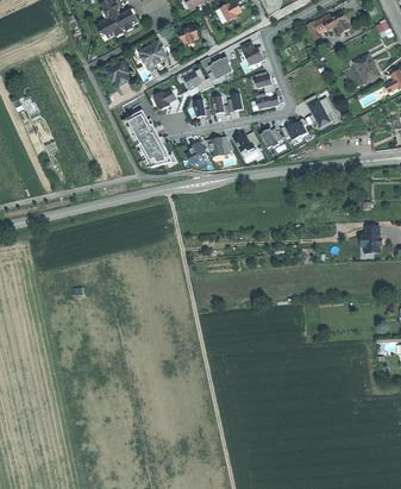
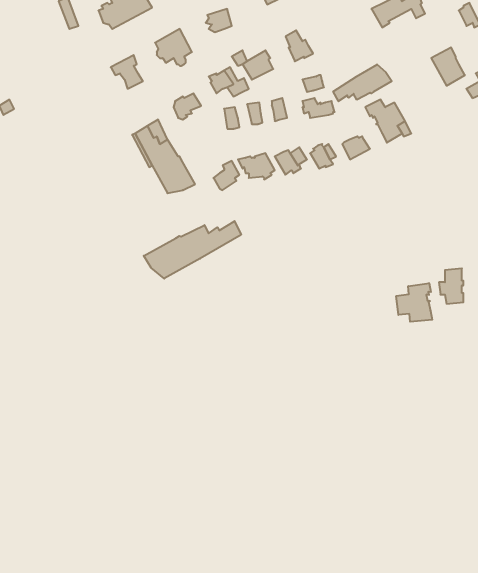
building: none -> [333,64,392,101]
building: none -> [144,221,241,279]
building: none -> [396,283,432,322]

